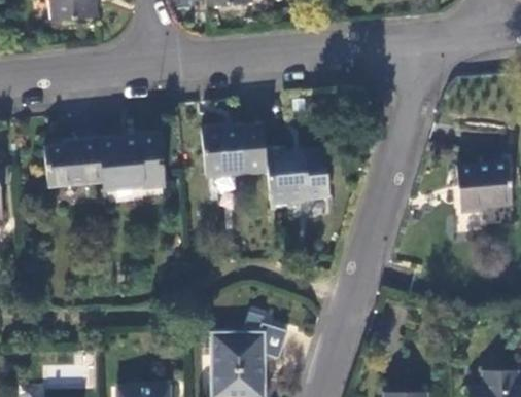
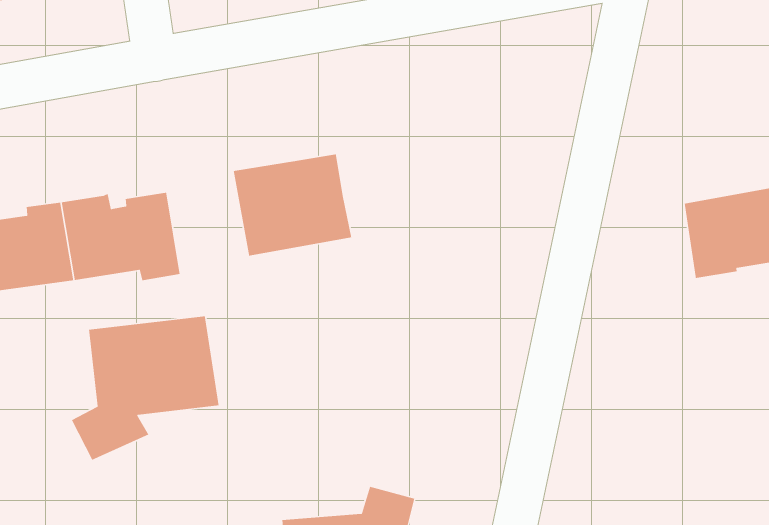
building: [262,146,329,210] -> none
building: none -> [71,315,219,461]

